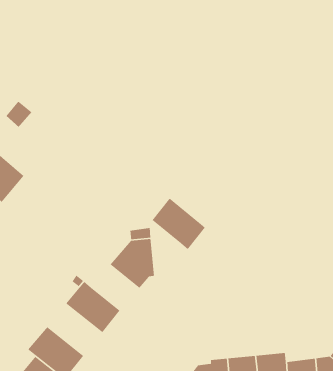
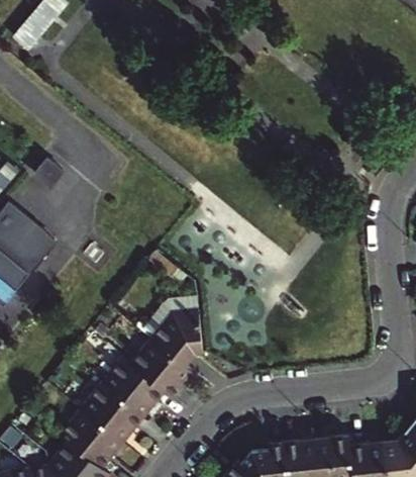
building: [152,198,206,250] -> [131,342,192,400]
building: none -> [82,385,143,444]

